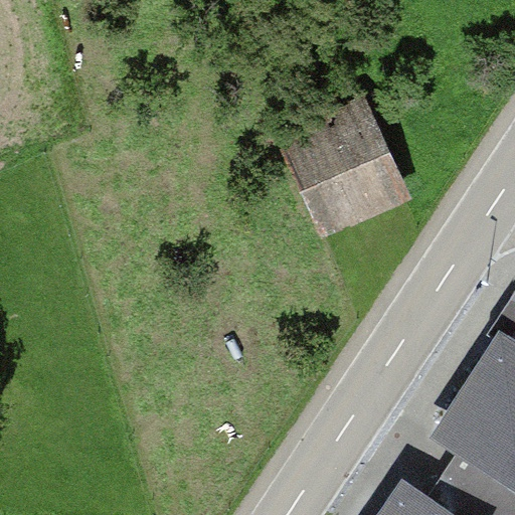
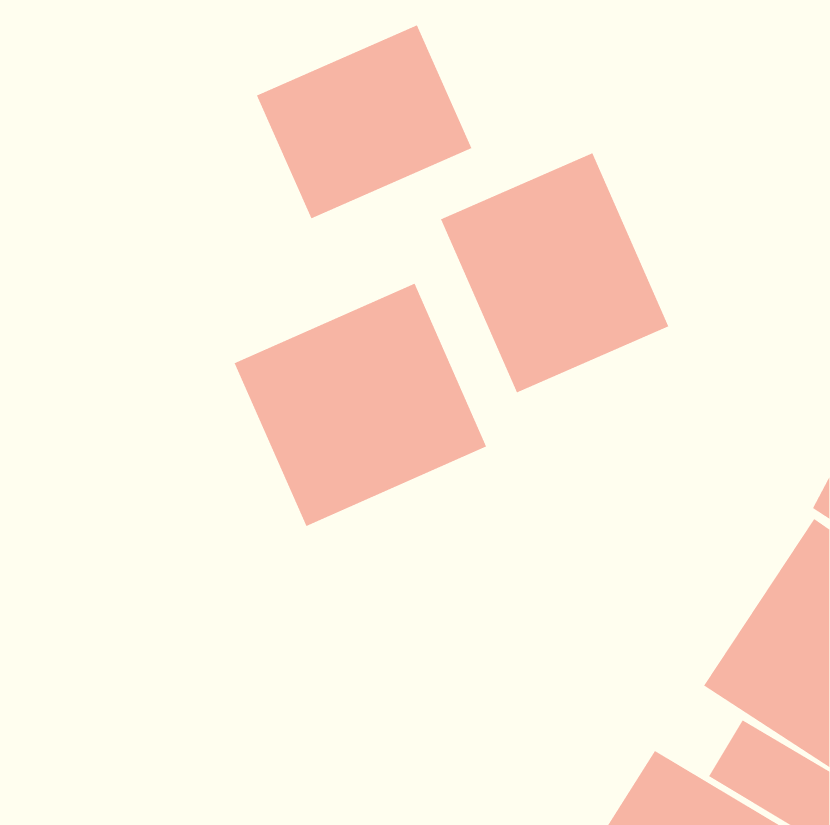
building: none -> [256,24,472,219]
building: none -> [234,283,487,527]

